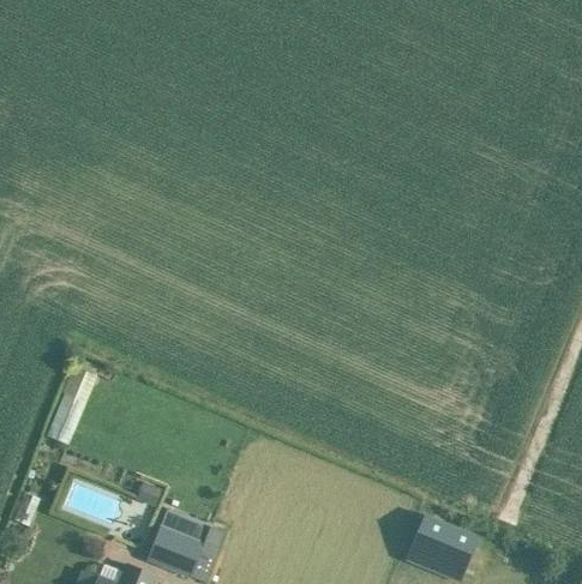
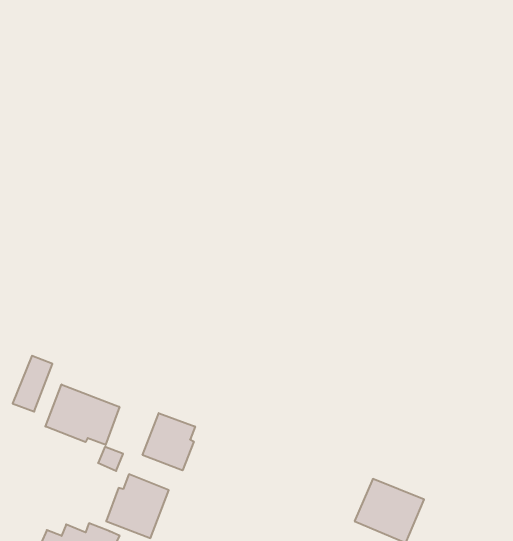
building: none -> [45,384,119,445]
building: none -> [143,413,195,470]

